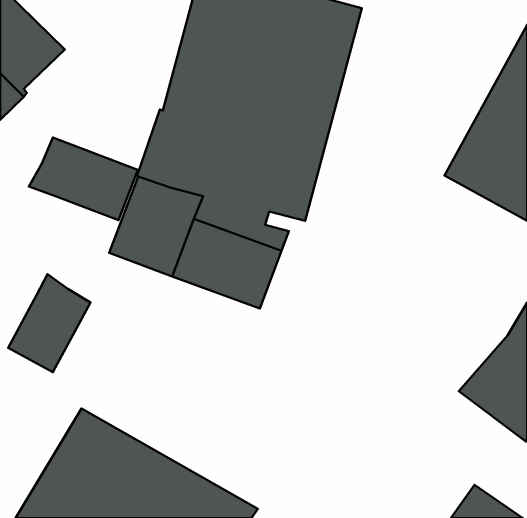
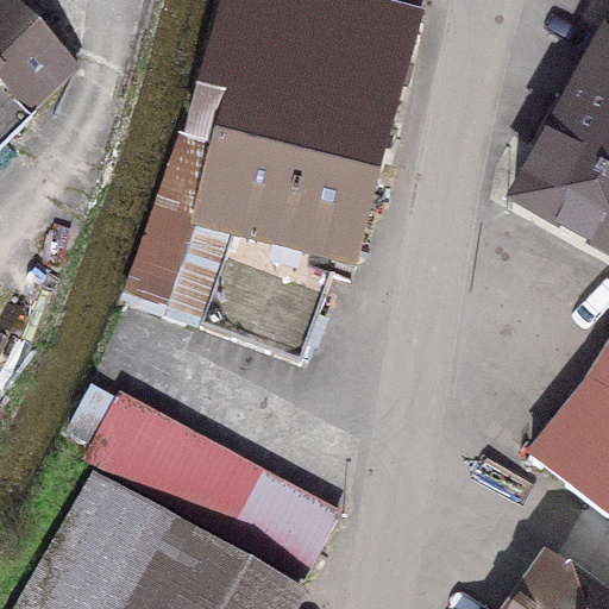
building: [29,138,138,220] -> none
building: [8,274,91,372] -> none
building: none -> [67,378,337,571]

